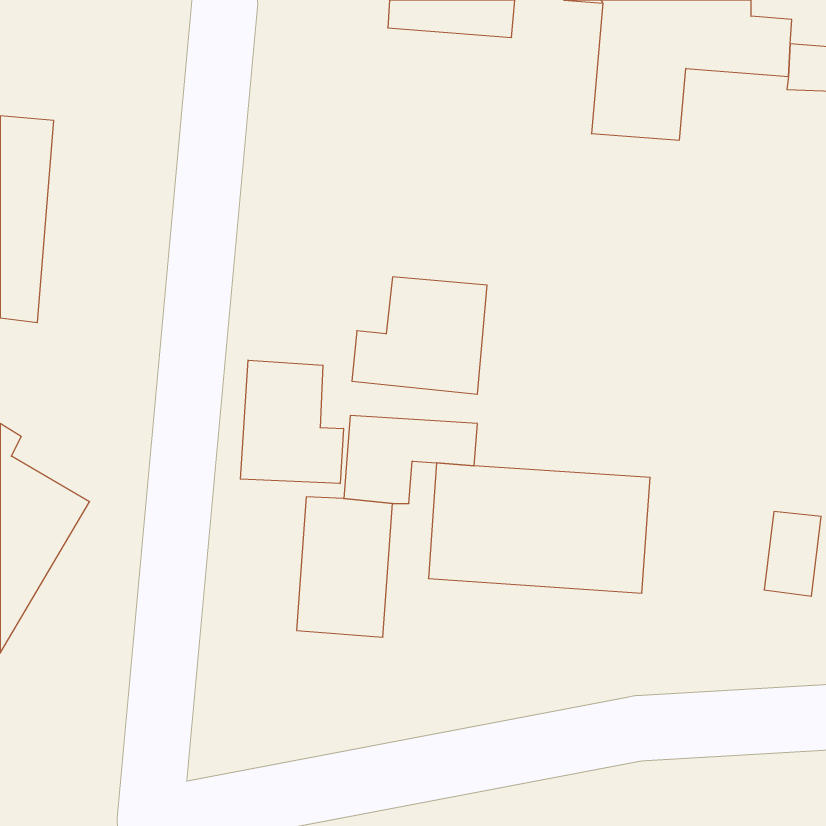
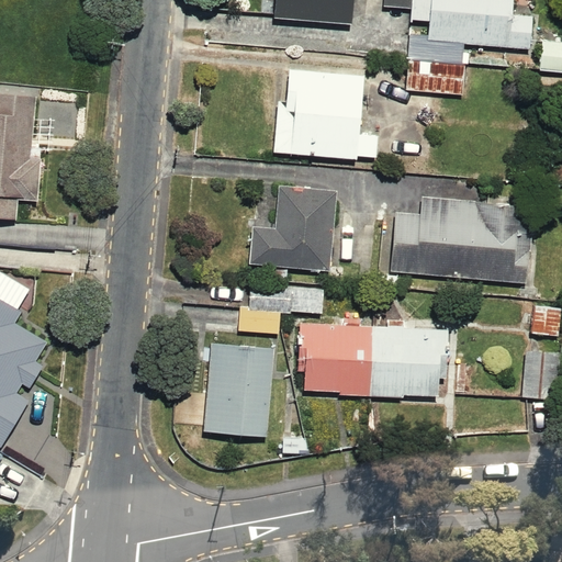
building: none -> [268,66,381,157]
building: none -> [383,195,532,282]
building: [240,360,343,484] -> none

